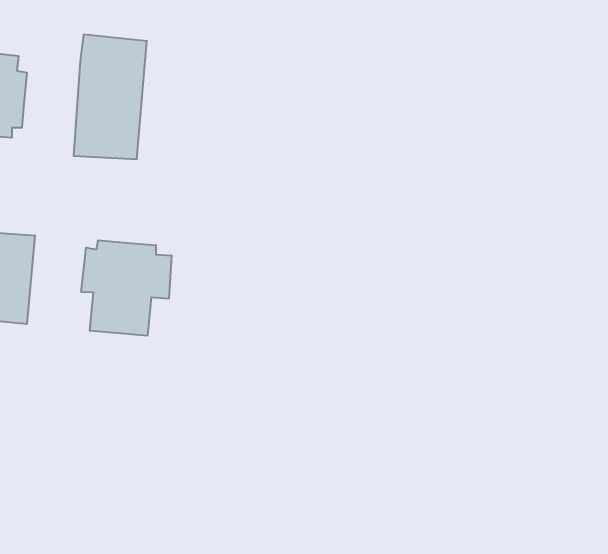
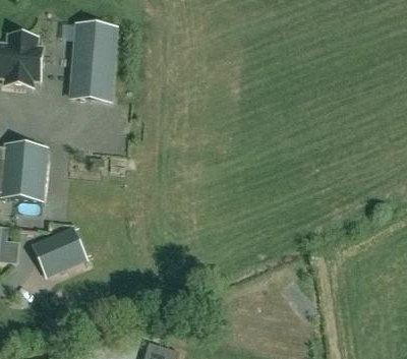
building: [81,240,172,336] -> none
building: none -> [34,228,84,274]

